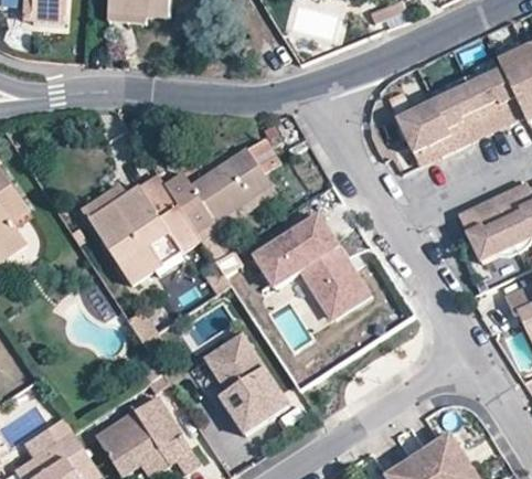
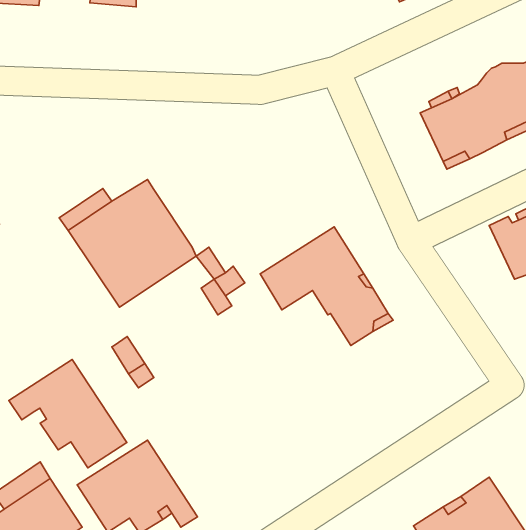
building: [162,147,270,233] -> none
building: none -> [9,359,127,468]
building: [188,332,289,433] -> none

